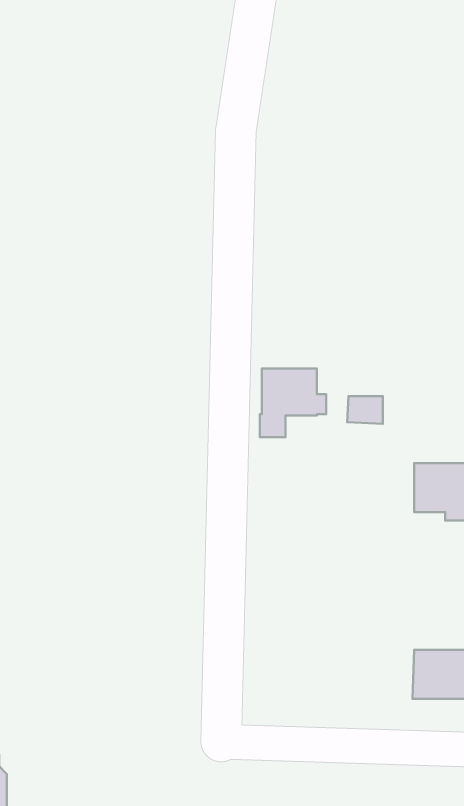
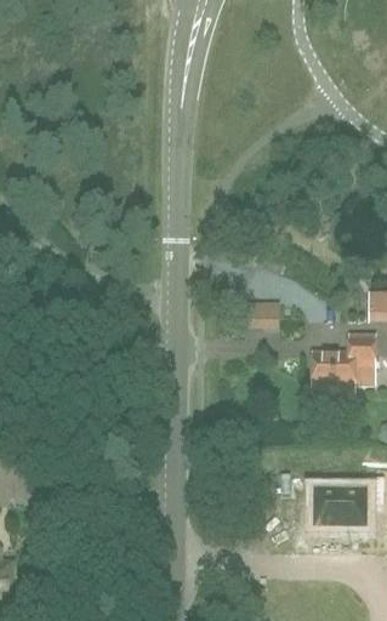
building: [260,369,326,437] -> none

